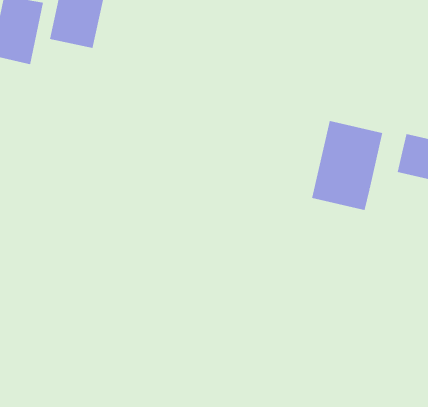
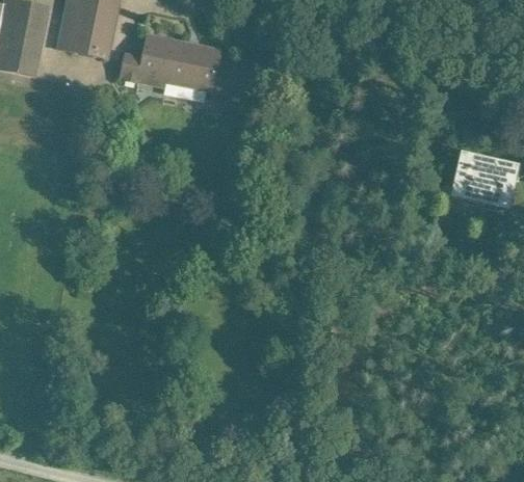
building: none -> [120,33,248,102]
building: [312,120,383,211] -> none

